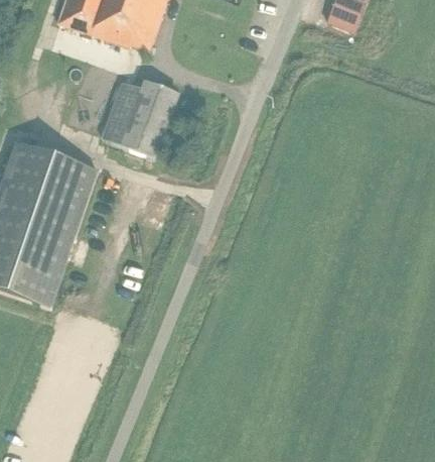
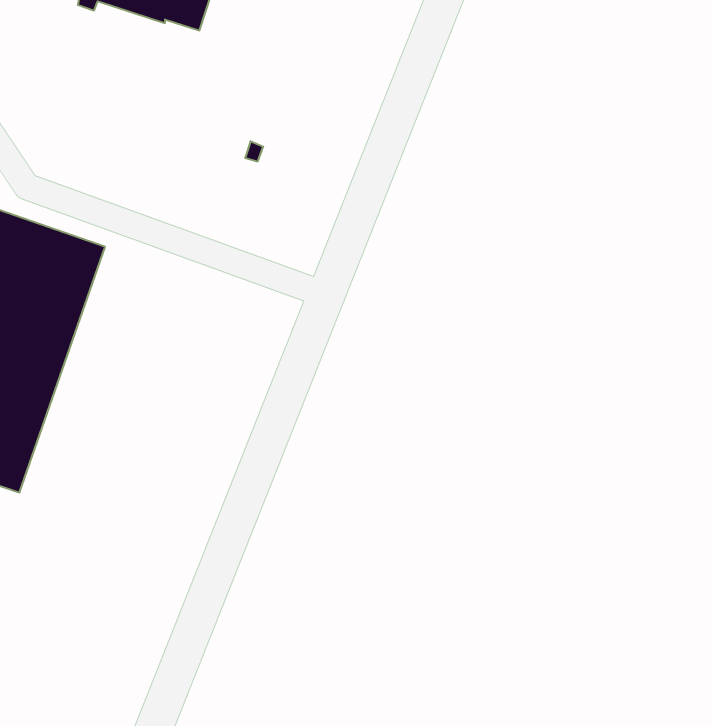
building: [105,77,179,155] -> none

